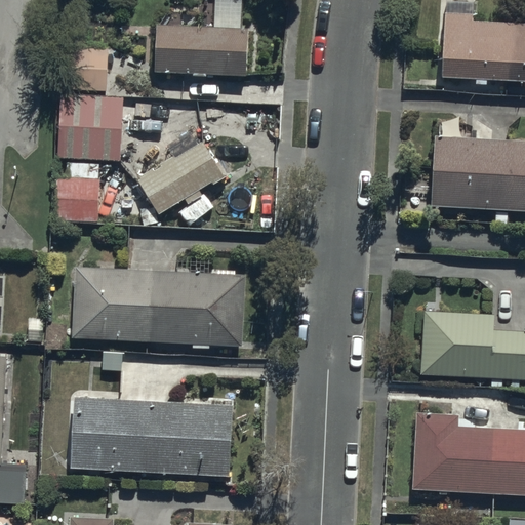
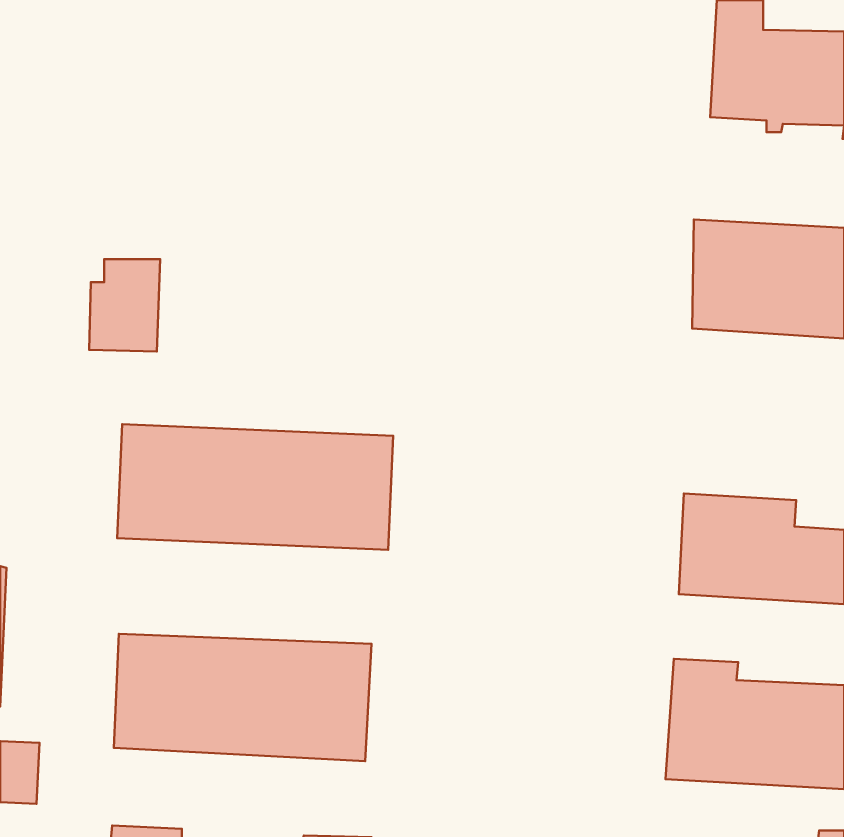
building: [155,10,246,78] -> none
building: [64,48,108,91] -> none
building: [57,94,123,160] -> none
building: [137,131,226,212] -> none

